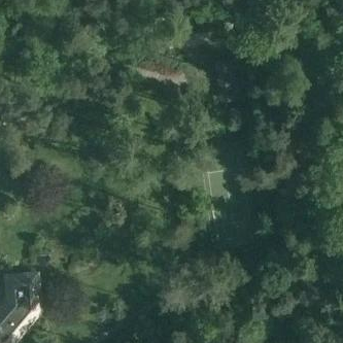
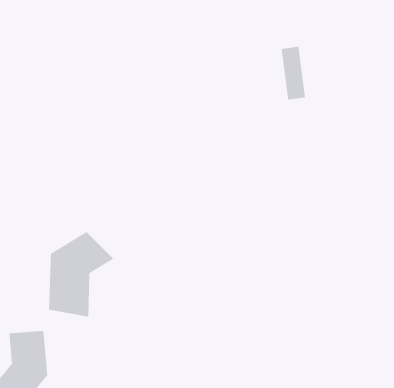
building: none -> [49,231,114,317]

